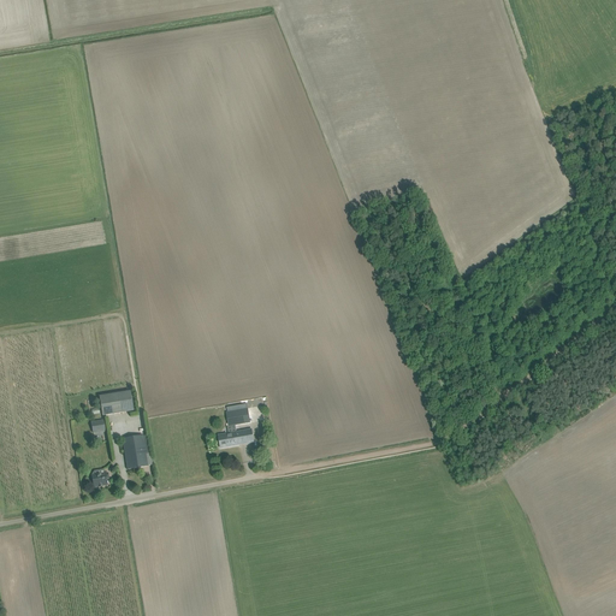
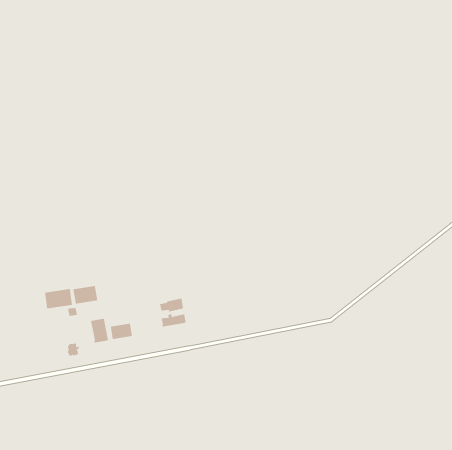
building: none -> [45,288,73,309]
building: none -> [110,323,132,340]

